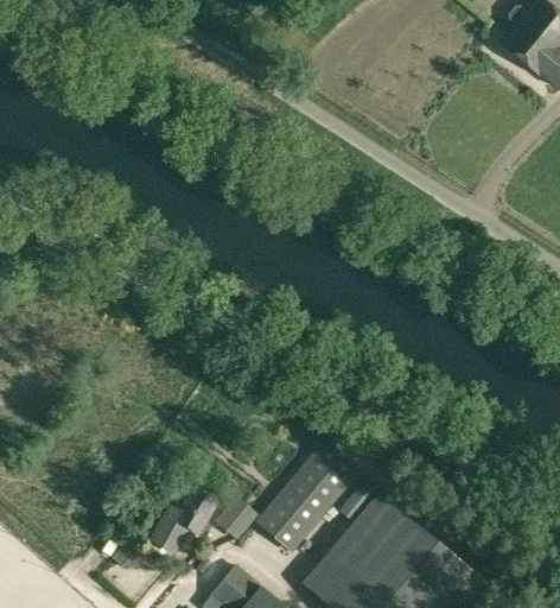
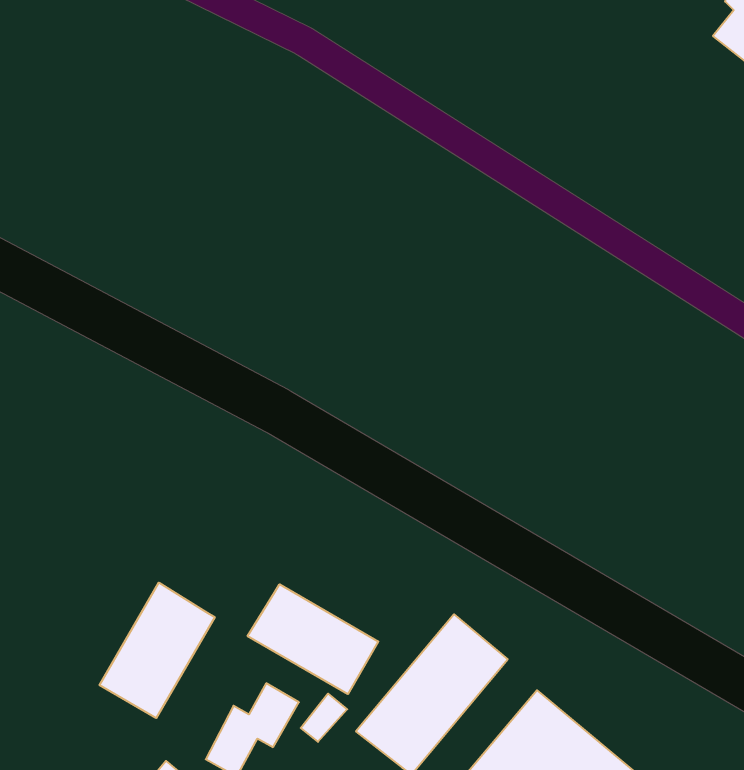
building: none -> [100,583,215,718]
building: none -> [248,584,378,694]

